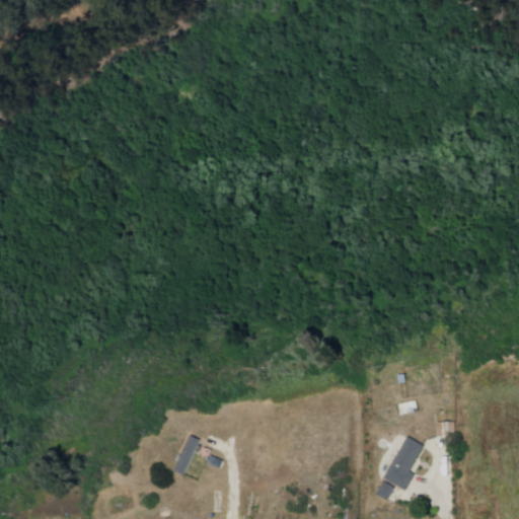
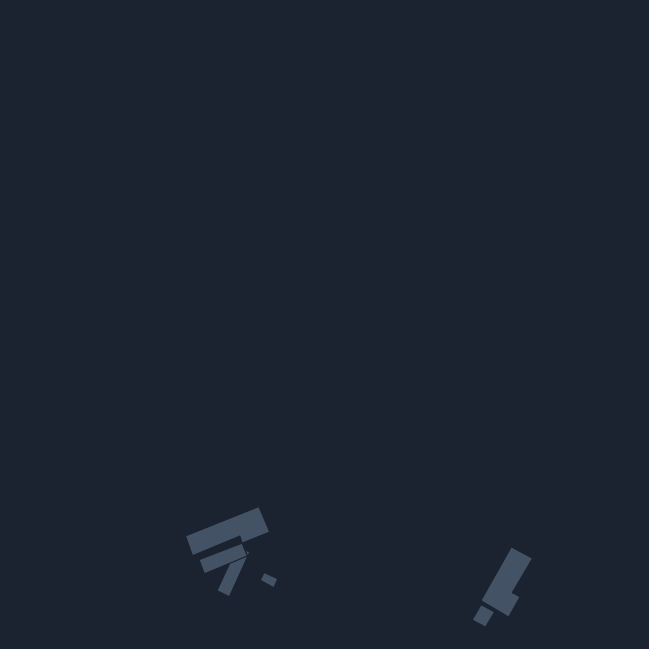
building: none -> [186,506,270,556]

